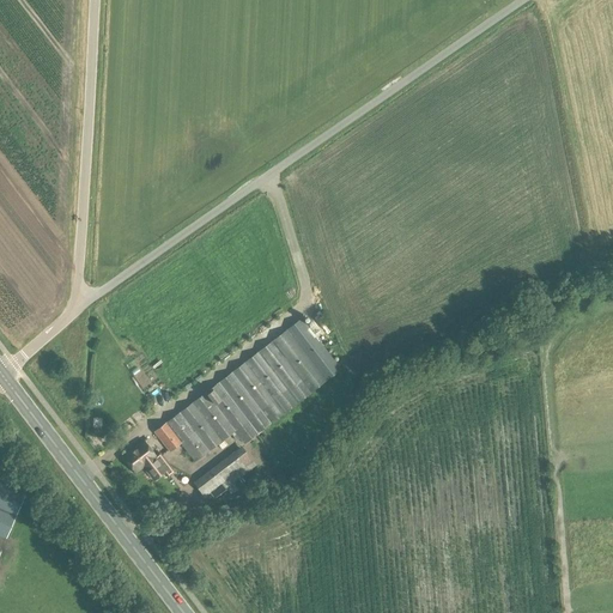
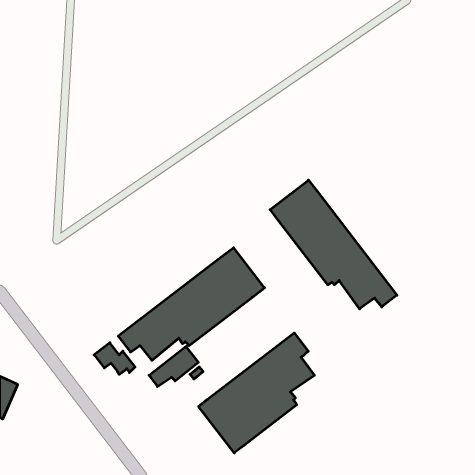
building: none -> [270,180,397,309]
building: none -> [199,333,314,453]

